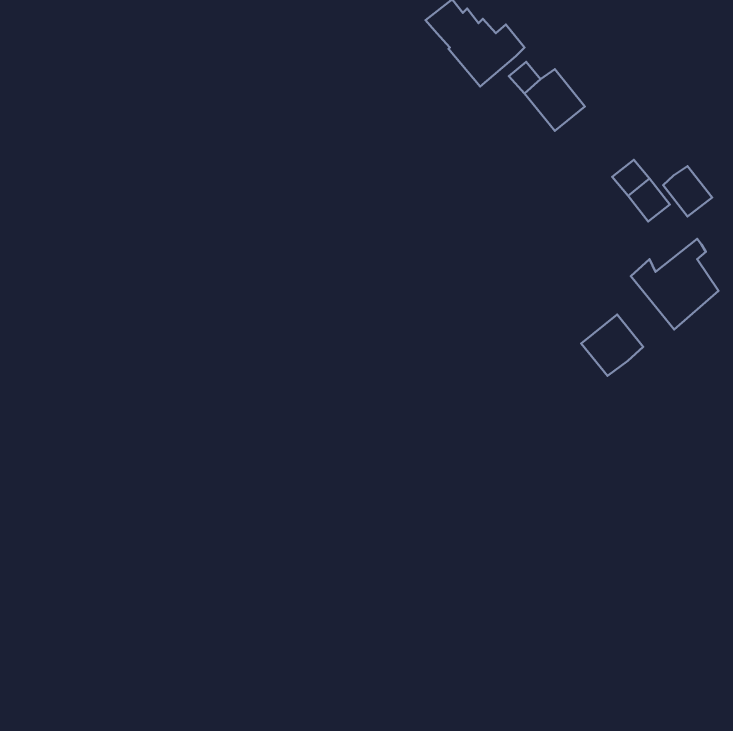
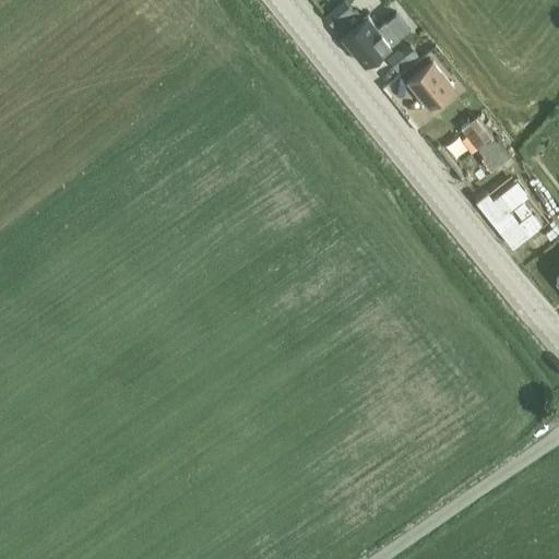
building: [663,166,712,217] -> none
building: [581,314,643,376] -> none

